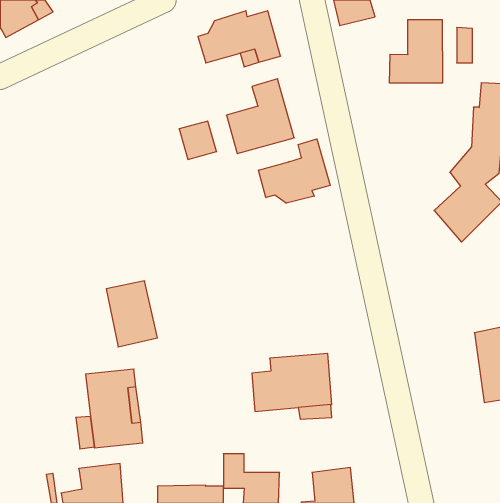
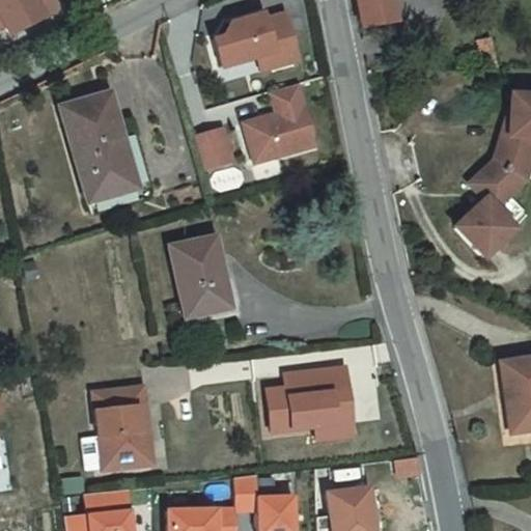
building: [390,20,443,83] -> none
building: none -> [58,87,134,196]
building: [259,139,330,203] -> none
building: [106,281,157,347] -> [177,248,231,317]

